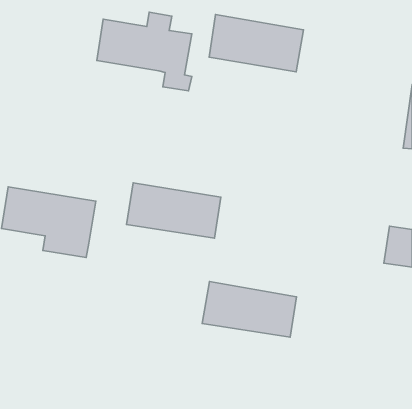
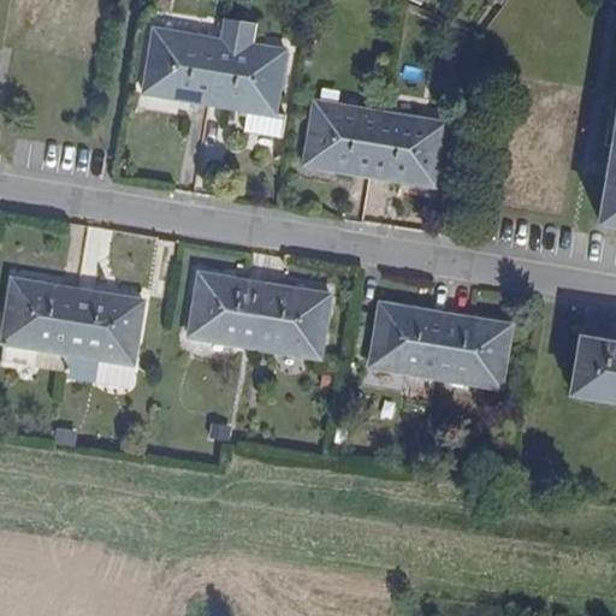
building: [209,15,303,72] -> [304,100,445,185]
building: [202,282,296,337] -> [369,303,510,386]

